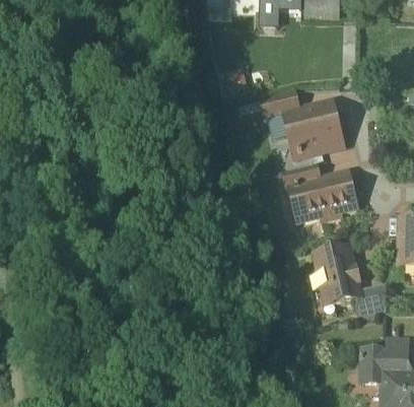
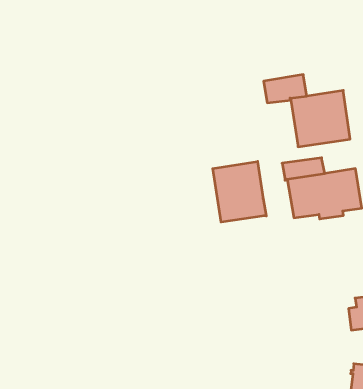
building: none -> [213,161,266,222]
building: [312,246,361,302] -> none

